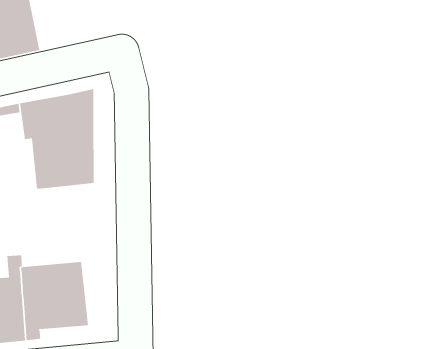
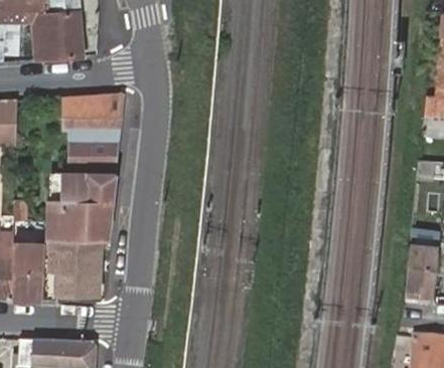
building: none -> [47,172,117,238]

